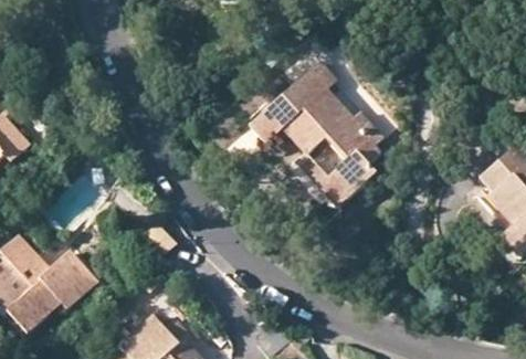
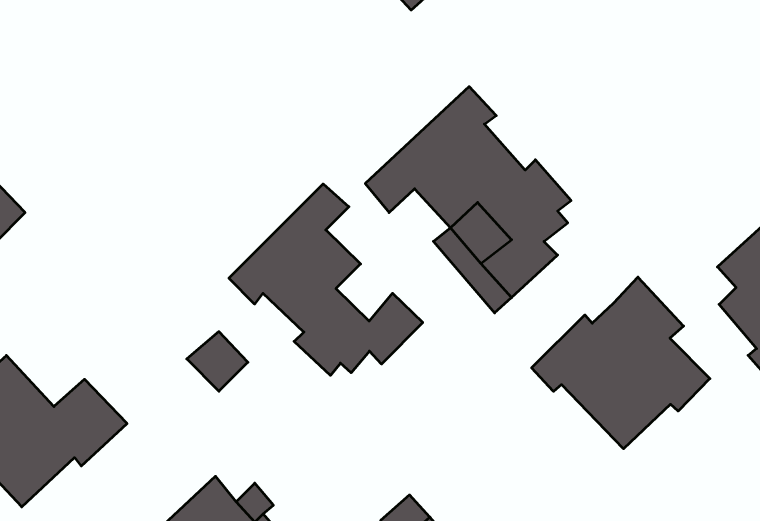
building: none -> [229,184,423,375]
building: none -> [532,277,710,449]

